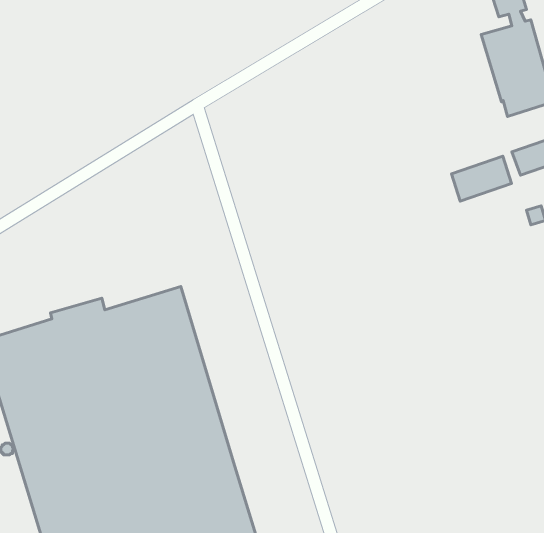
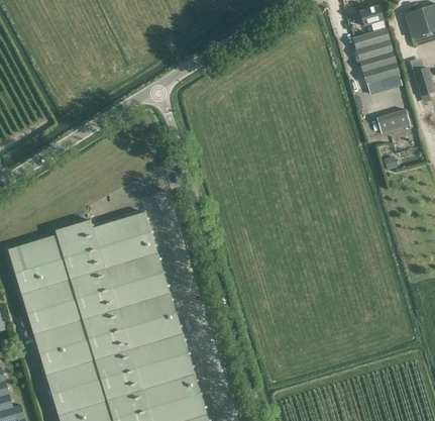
building: [452,156,511,201] -> none

